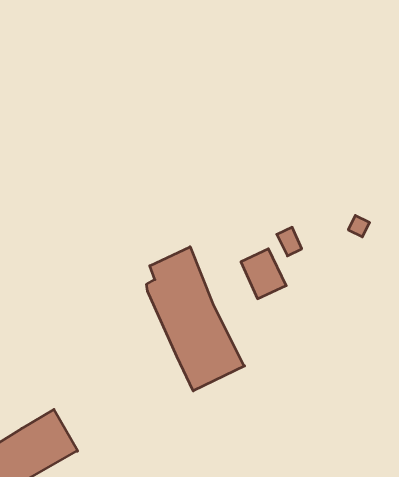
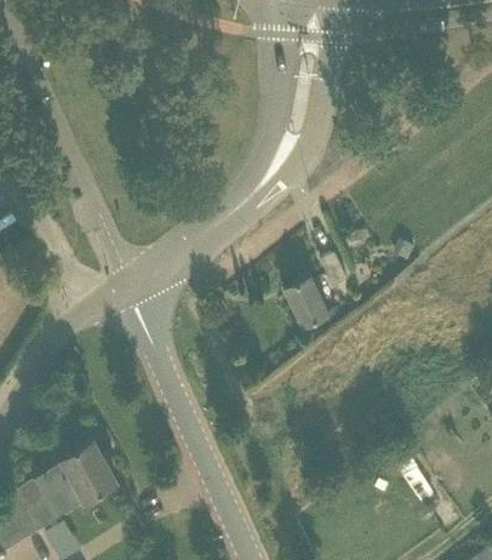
building: [147,247,245,391] -> none

